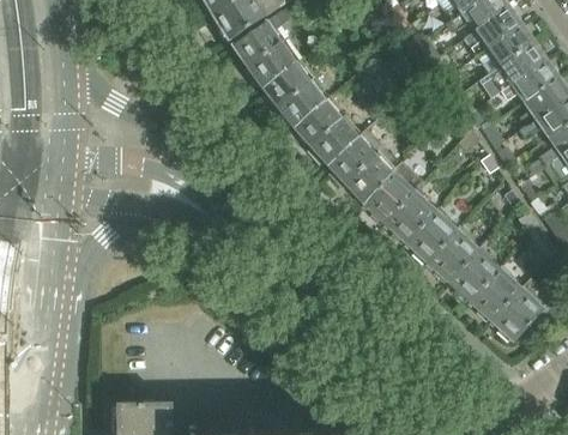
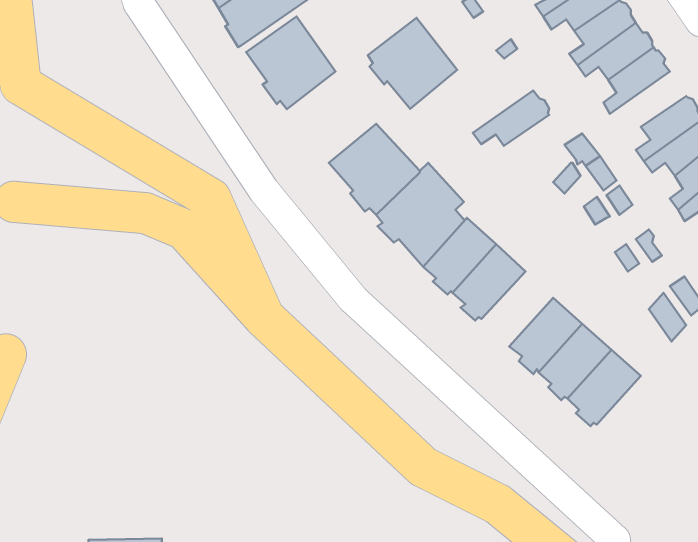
building: [261,58,327,125] -> [368,18,457,109]
building: [500,58,556,98] -> [473,90,549,146]
building: [405,205,458,261] -> none
building: [490,282,548,338] -> none

